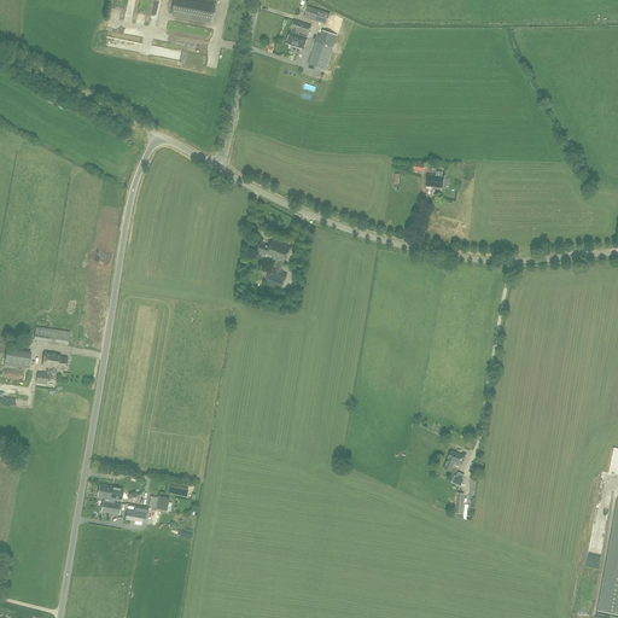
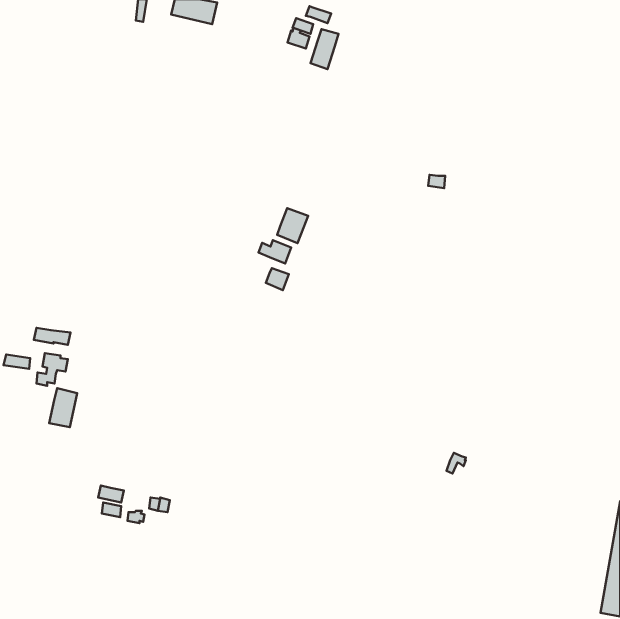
building: none -> [277,208,308,243]
building: none -> [49,388,77,427]

